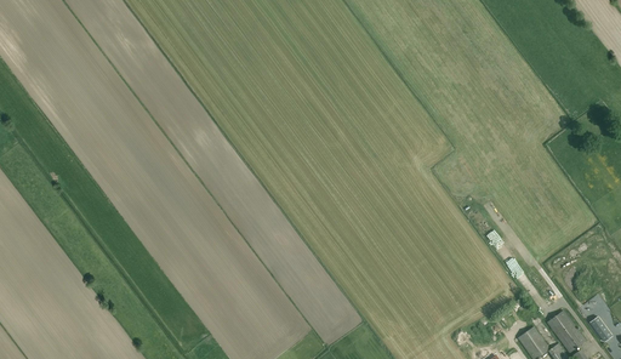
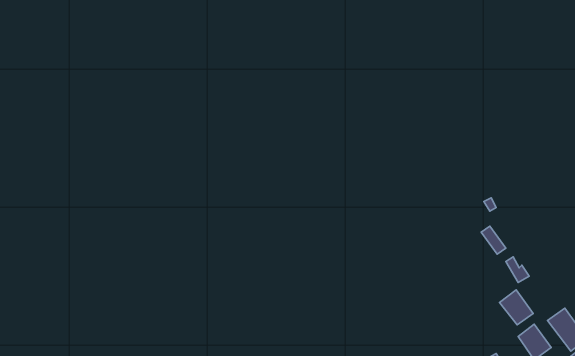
building: none -> [500,290,533,325]

